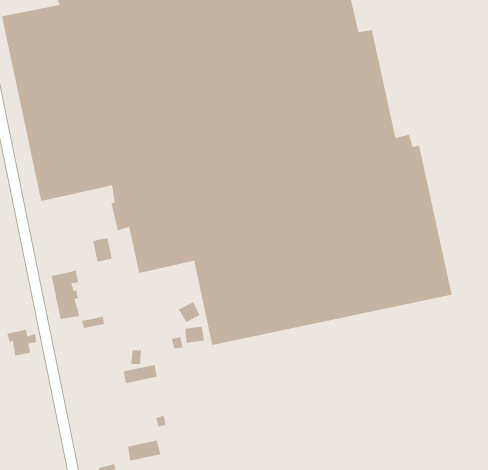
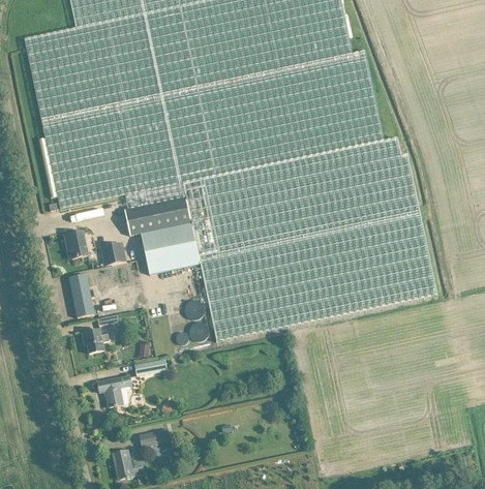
building: none -> [63,232,87,258]
building: [7,329,37,356] -> [81,329,109,354]
building: none -> [96,376,131,407]

